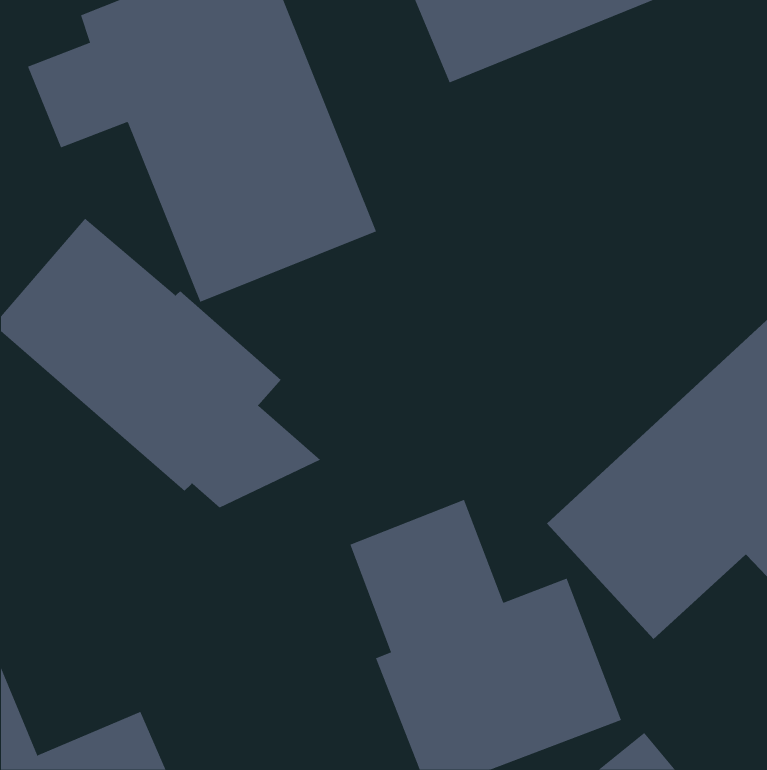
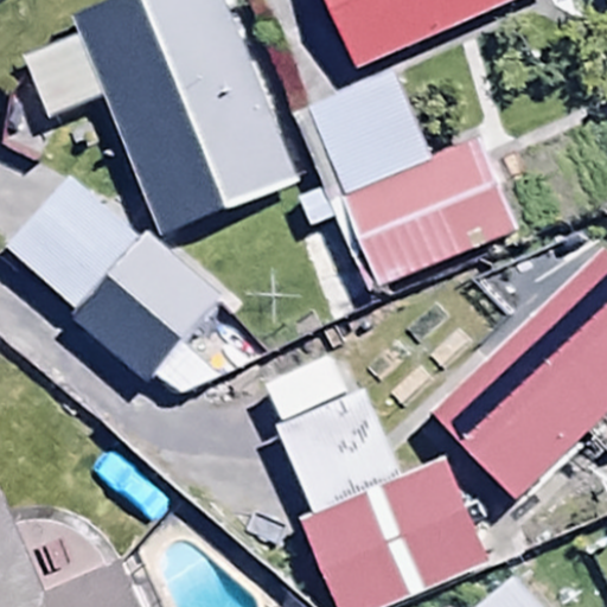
building: none -> [294,71,520,294]

